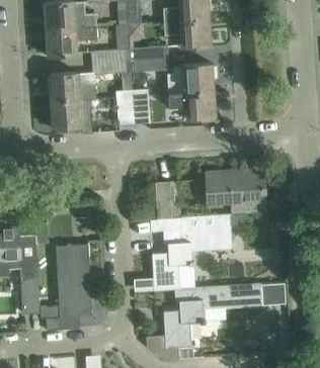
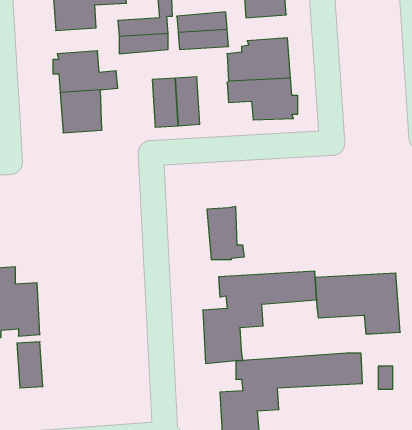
building: [206,170,265,212] -> [315,273,400,334]
building: [41,244,91,330] -> none

